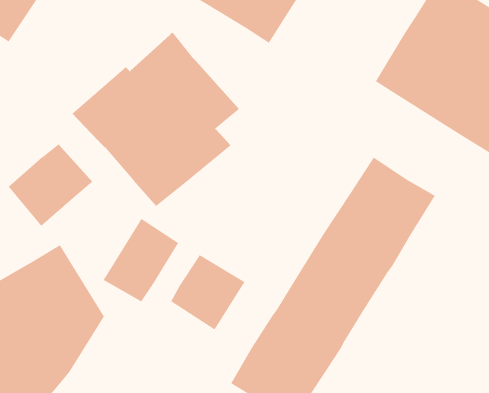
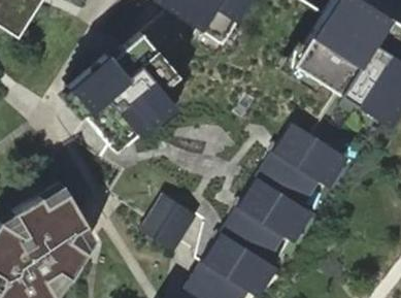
building: [8,144,93,227] -> none
building: [103,218,179,303] -> none

